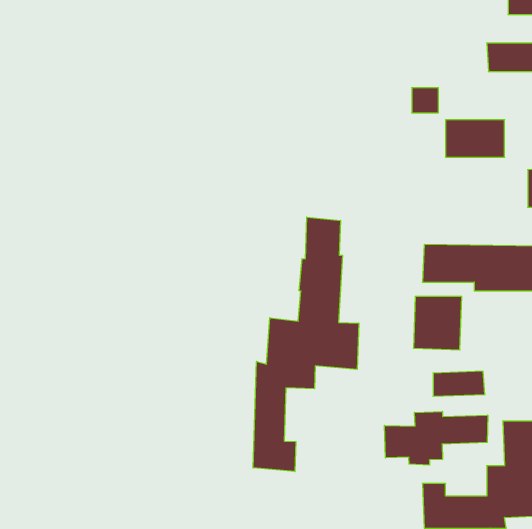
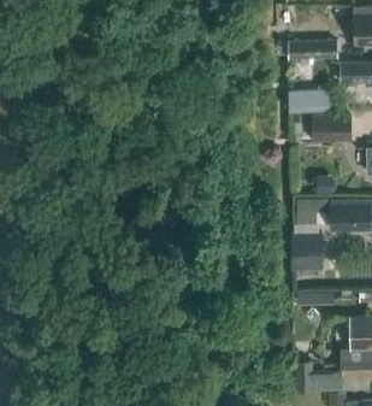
building: none -> [289,42,339,61]
building: [253,217,359,472] -> none
building: [384,411,488,465] -> none

